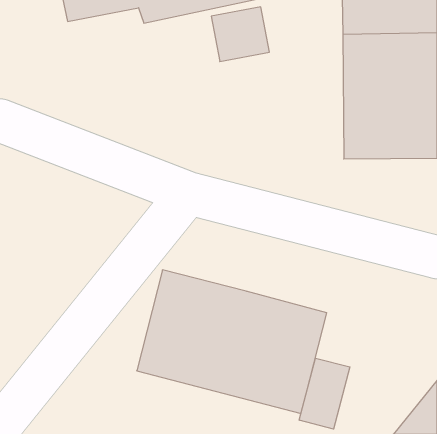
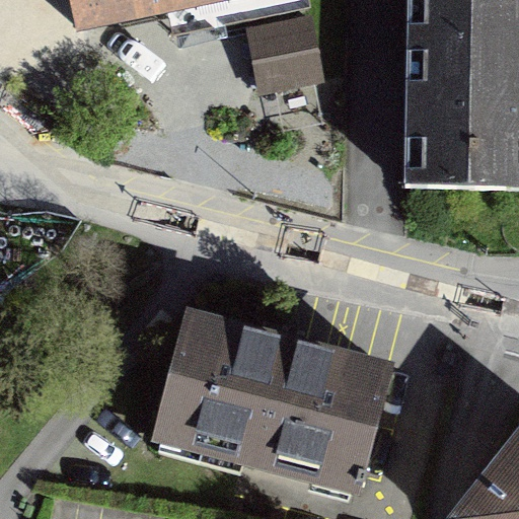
building: [299,358,350,429] -> none

